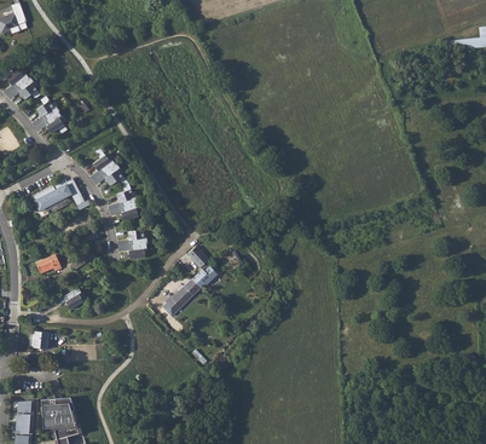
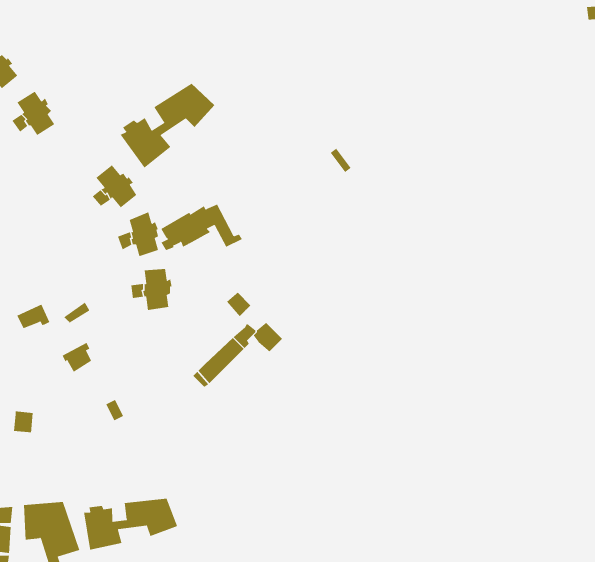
building: none -> [120,83,215,169]
building: [31,178,91,212] -> [161,204,243,251]
building: none -> [83,498,178,550]

